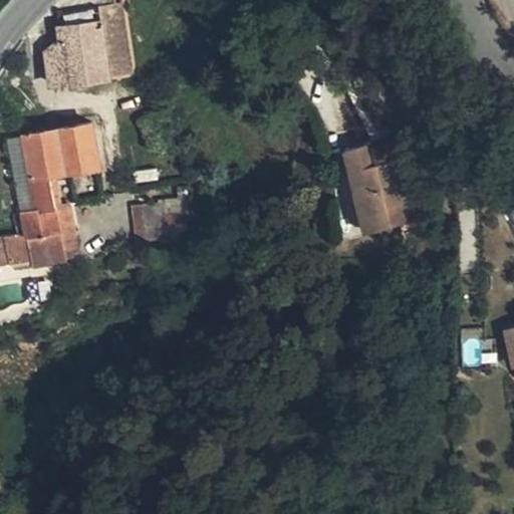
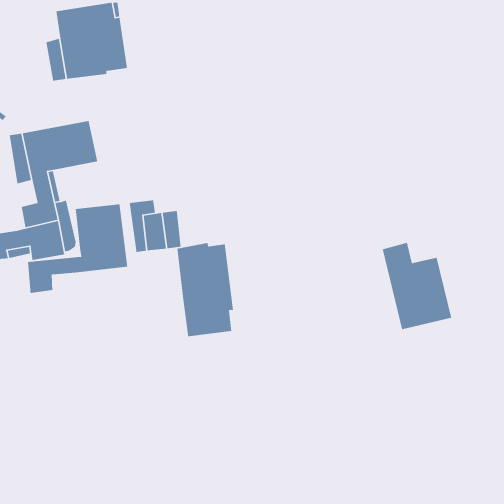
building: [343,145,415,234] -> [382,242,452,330]
building: none -> [27,204,128,294]
building: none -> [176,242,234,337]

